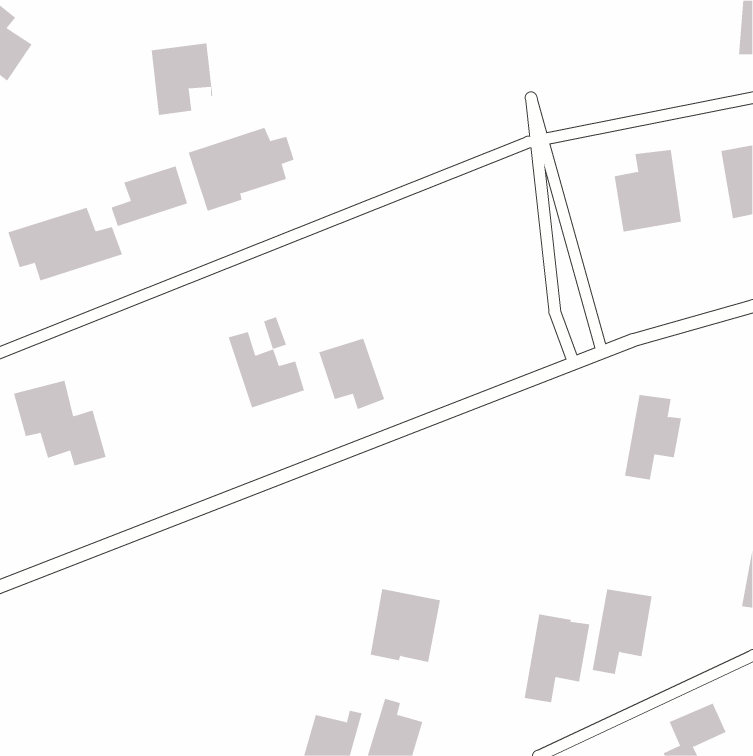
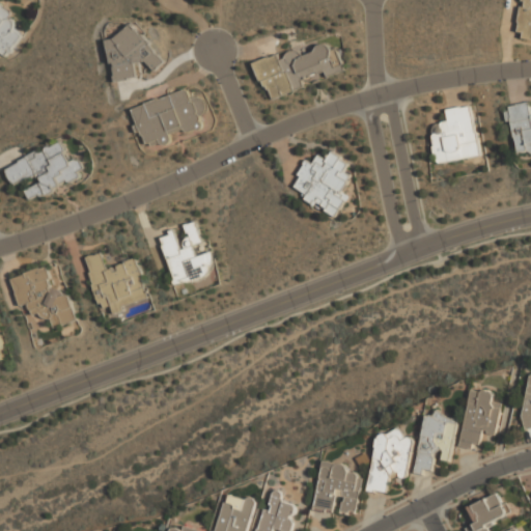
building: none -> [253,44,342,100]
building: [111,166,188,227] -> none
building: none -> [289,151,351,216]
building: [318,338,385,410] -> none
building: none -> [86,252,146,312]
building: [624,394,682,480] -> [459,389,500,449]
building: [370,588,441,662] -> [313,463,363,514]

